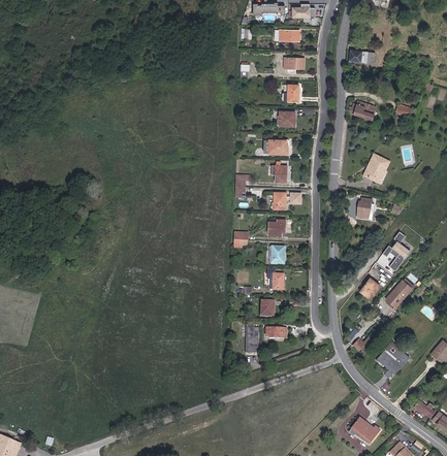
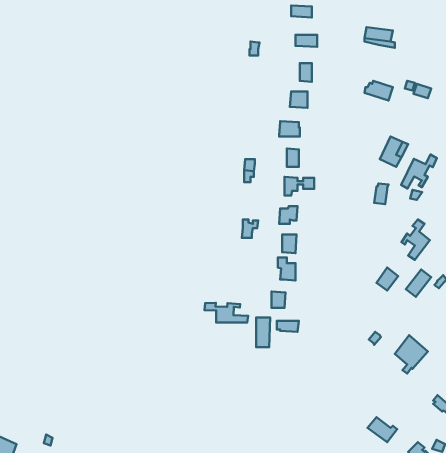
building: none -> [401,154,437,188]
building: none -> [204,303,248,323]

